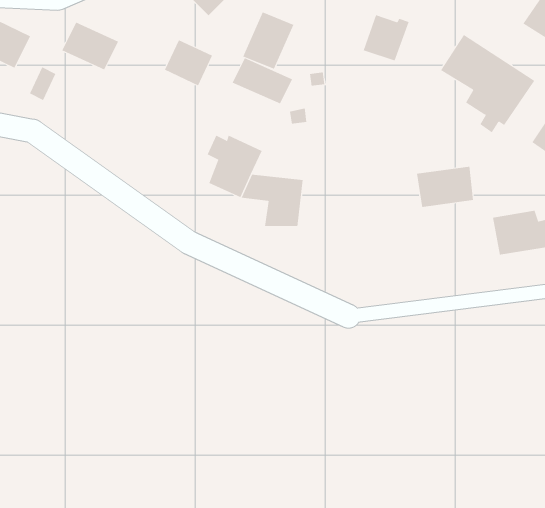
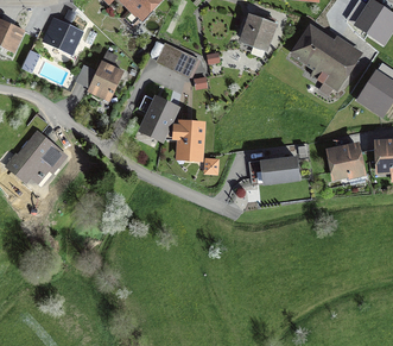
building: [243,12,294,70] -> none
building: [164,39,213,86] -> [91,61,123,92]
building: none -> [8,113,66,180]
building: [416,166,474,208] -> [261,155,299,182]

